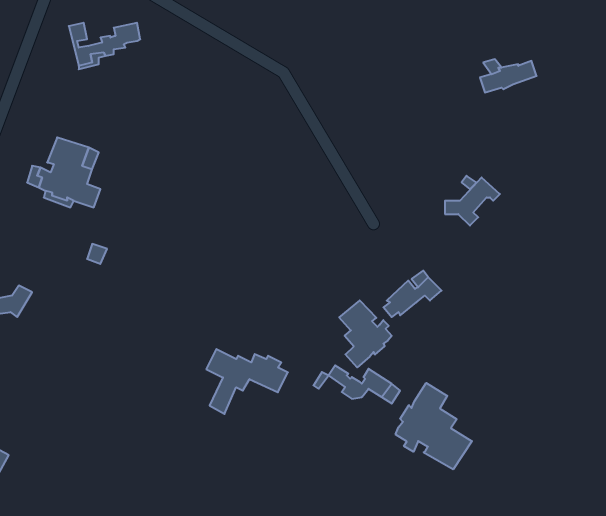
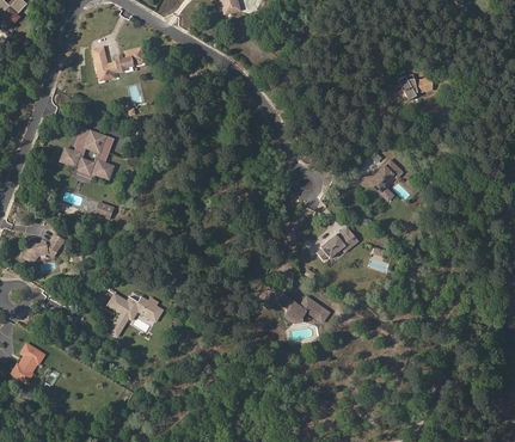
building: [339,300,392,367] -> none
building: [206,349,288,414] -> [108,293,166,339]
building: [396,383,472,469] -> none

